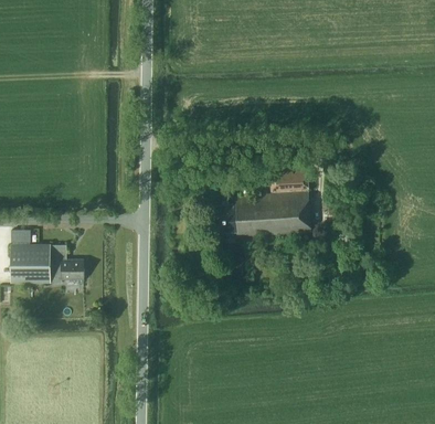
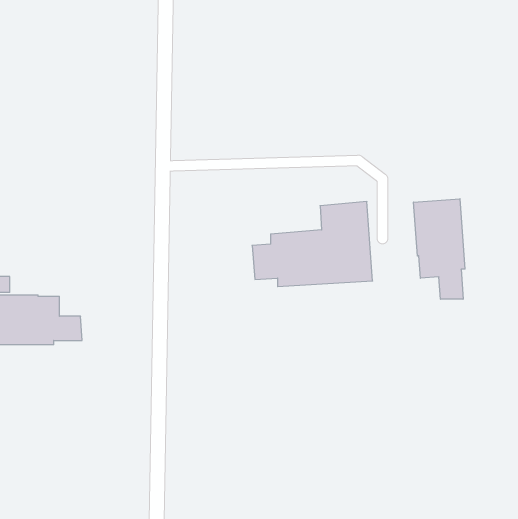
building: none -> [414,199,465,299]

